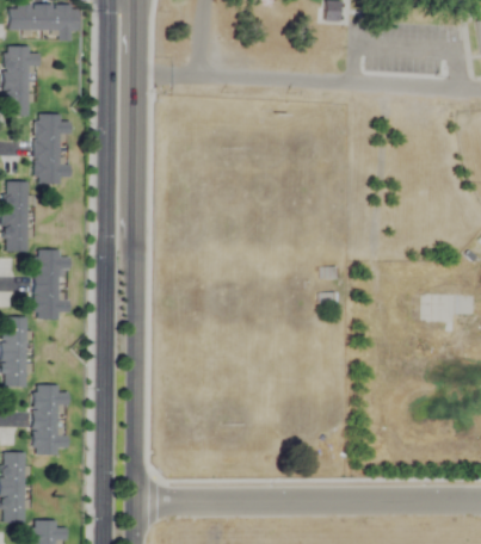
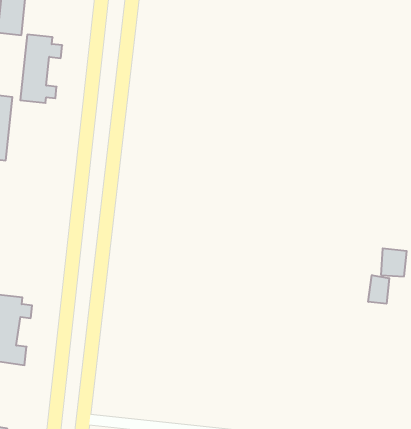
building: [36,249,70,316] -> none
building: none -> [368,275,389,304]

